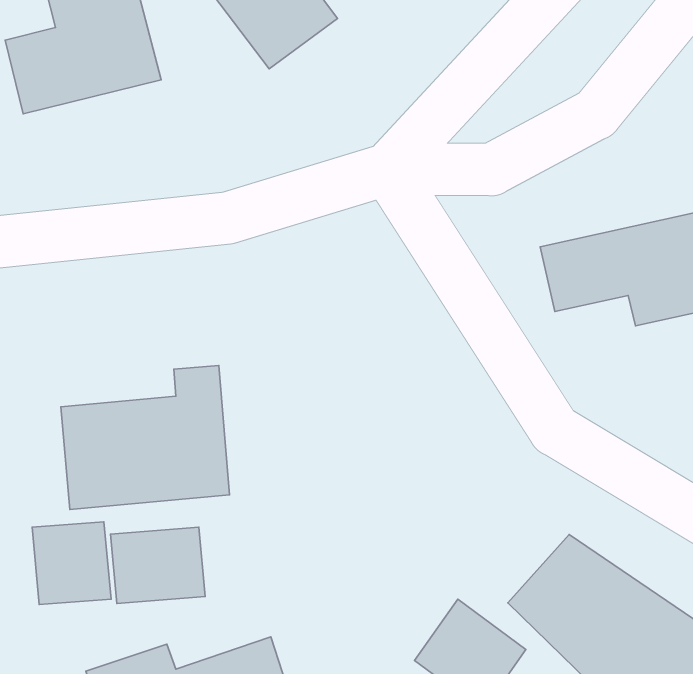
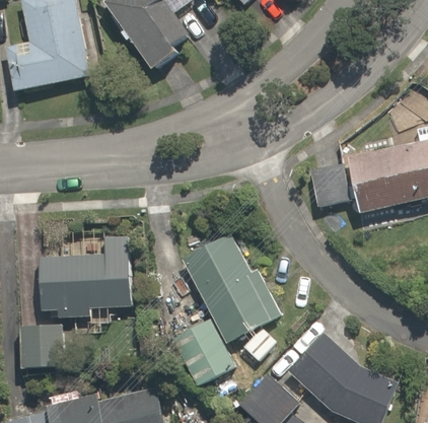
building: none -> [169,233,282,389]
building: [111,527,205,603] -> none

